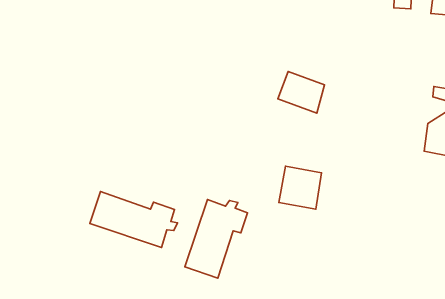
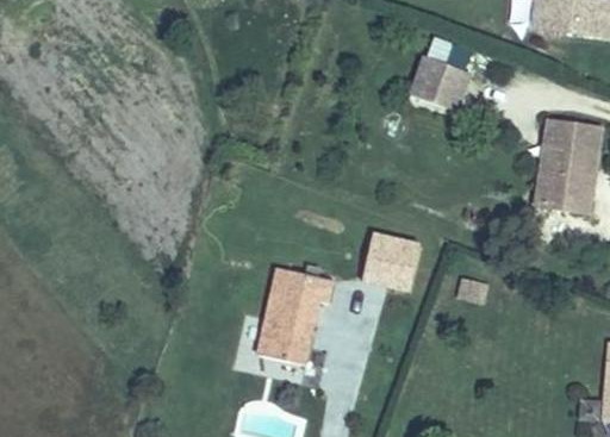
building: [278,71,324,113] -> [423,61,481,113]
building: [90,191,178,247] -> none

